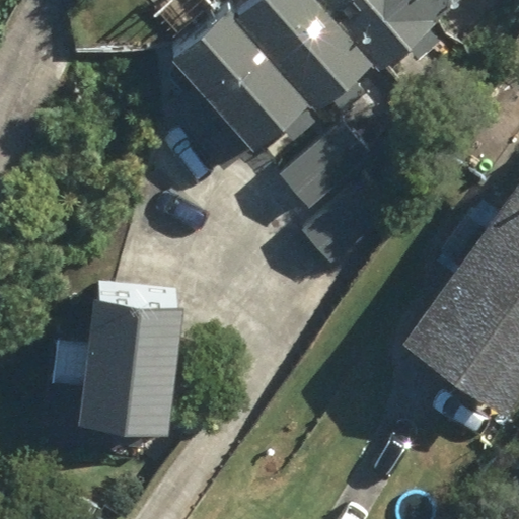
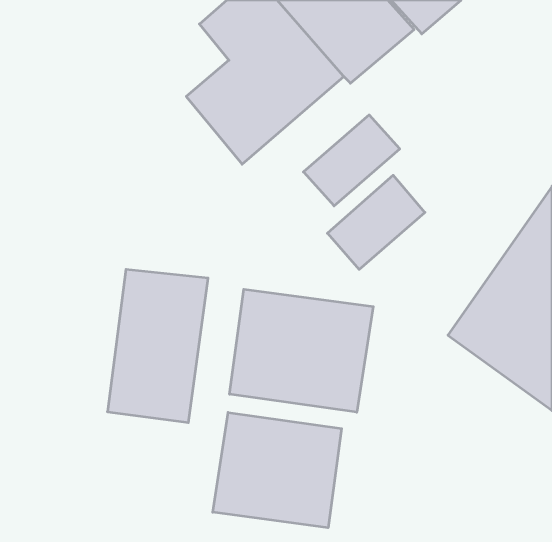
building: none -> [230,289,373,412]
building: none -> [213,412,342,528]

